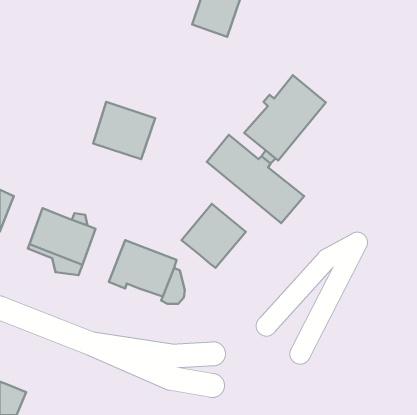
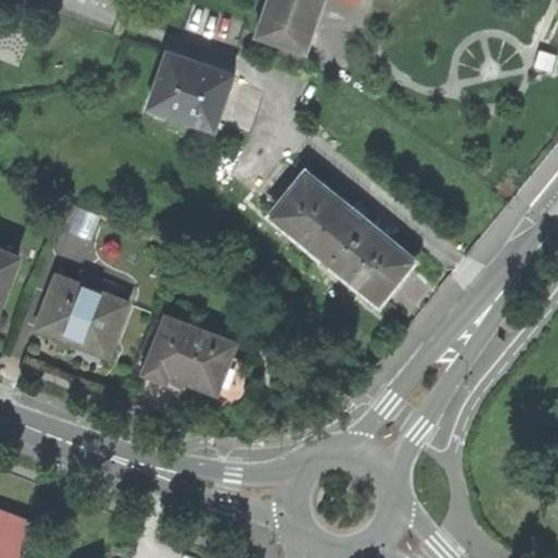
building: [244,75,326,160] -> none
building: [93,102,155,159] -> [146,51,229,128]
building: [181,204,246,268] -> none

